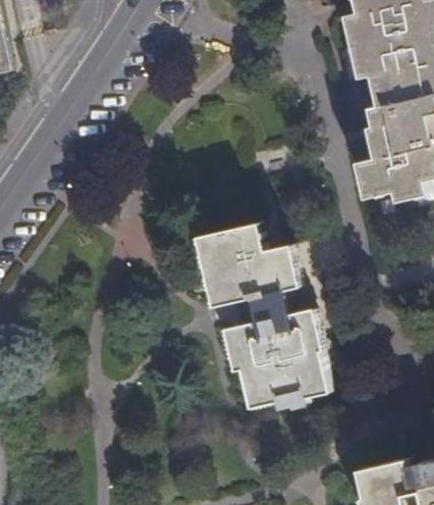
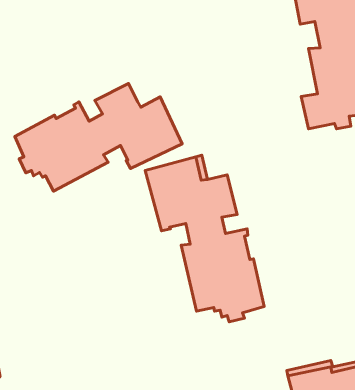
building: none -> [15,84,182,191]

